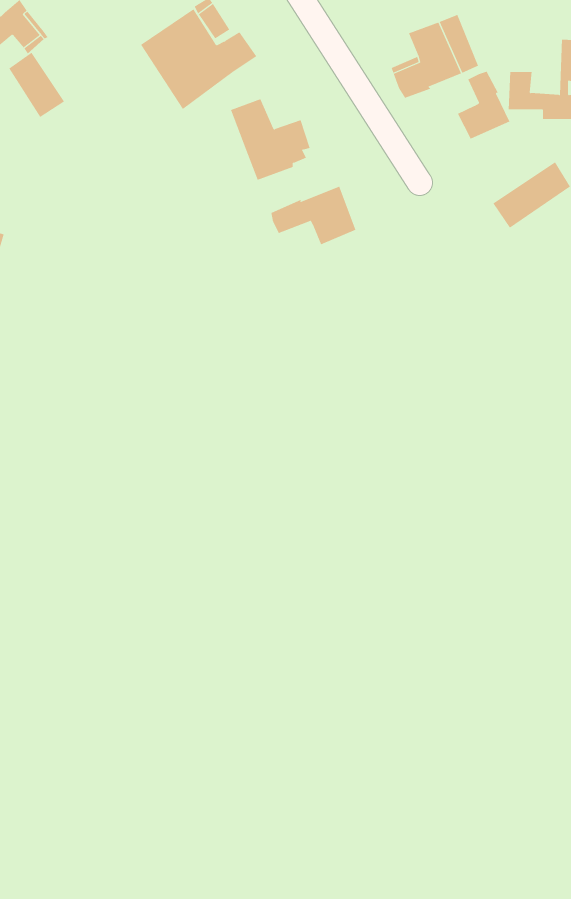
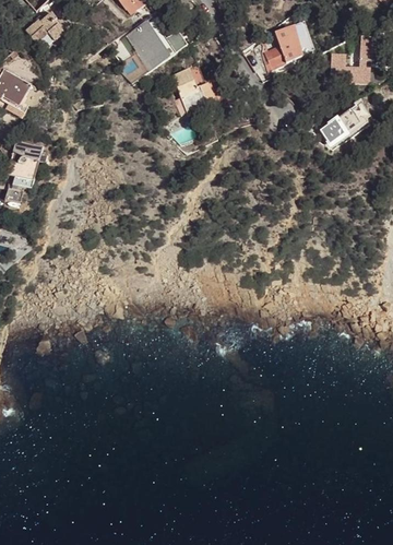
building: [8,52,65,118] -> none
building: [457,71,510,139] -> none
building: [271,186,356,245] -> none

